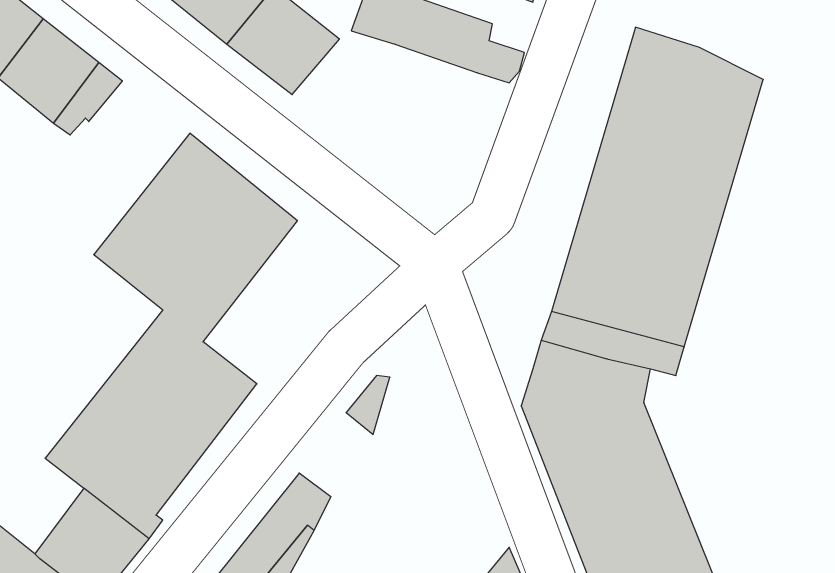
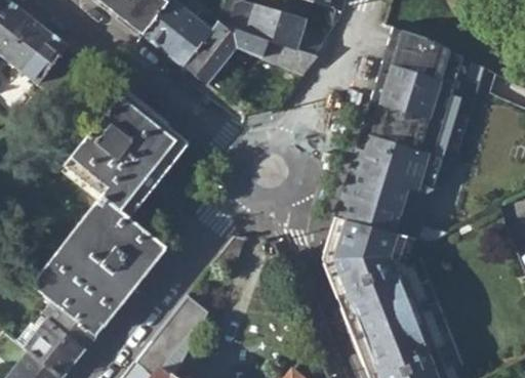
building: none -> [184,26,316,86]

